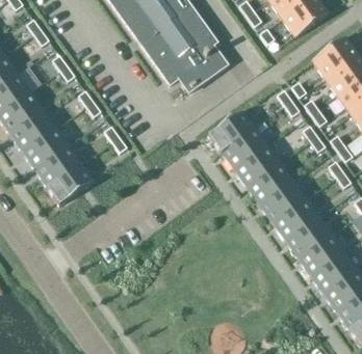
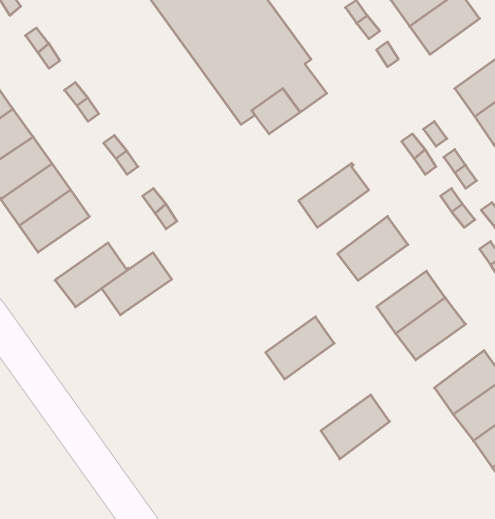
building: [219,127,266,169] -> none
building: [33,144,80,186] -> [102,253,172,315]
building: [247,163,292,205] -> [266,317,334,379]
building: [285,216,331,258] -> [321,395,390,459]

